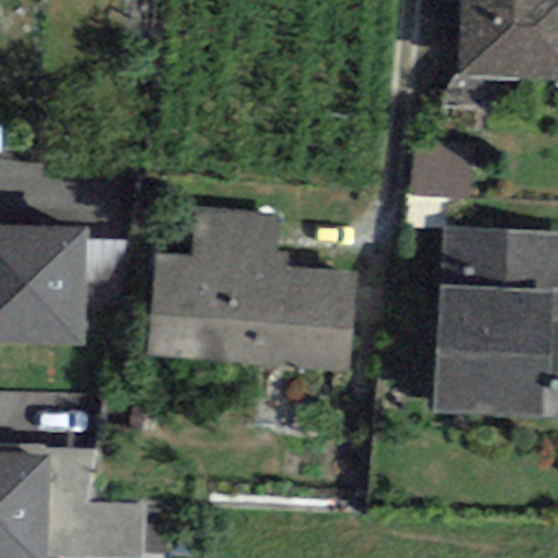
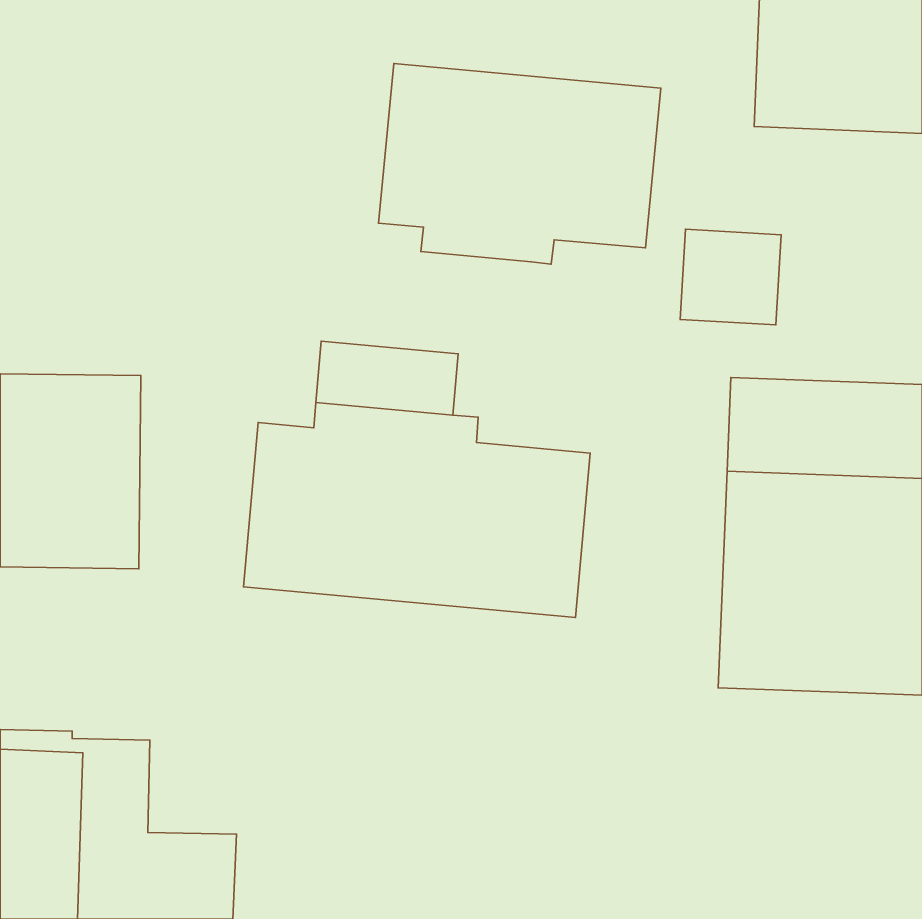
building: none -> [379,63,661,264]

